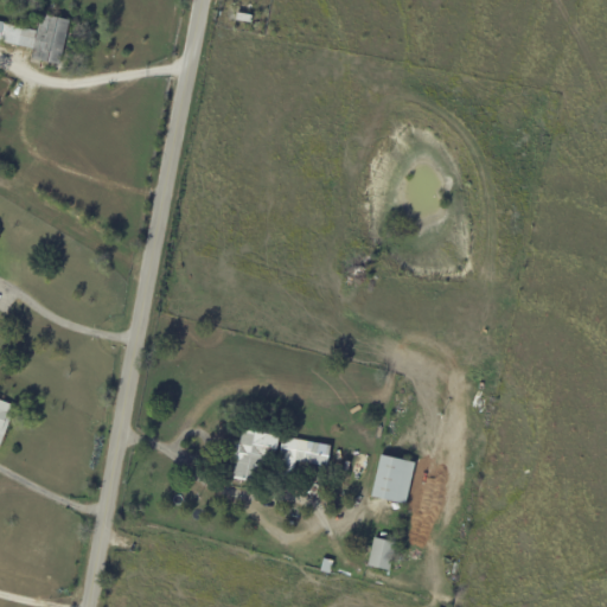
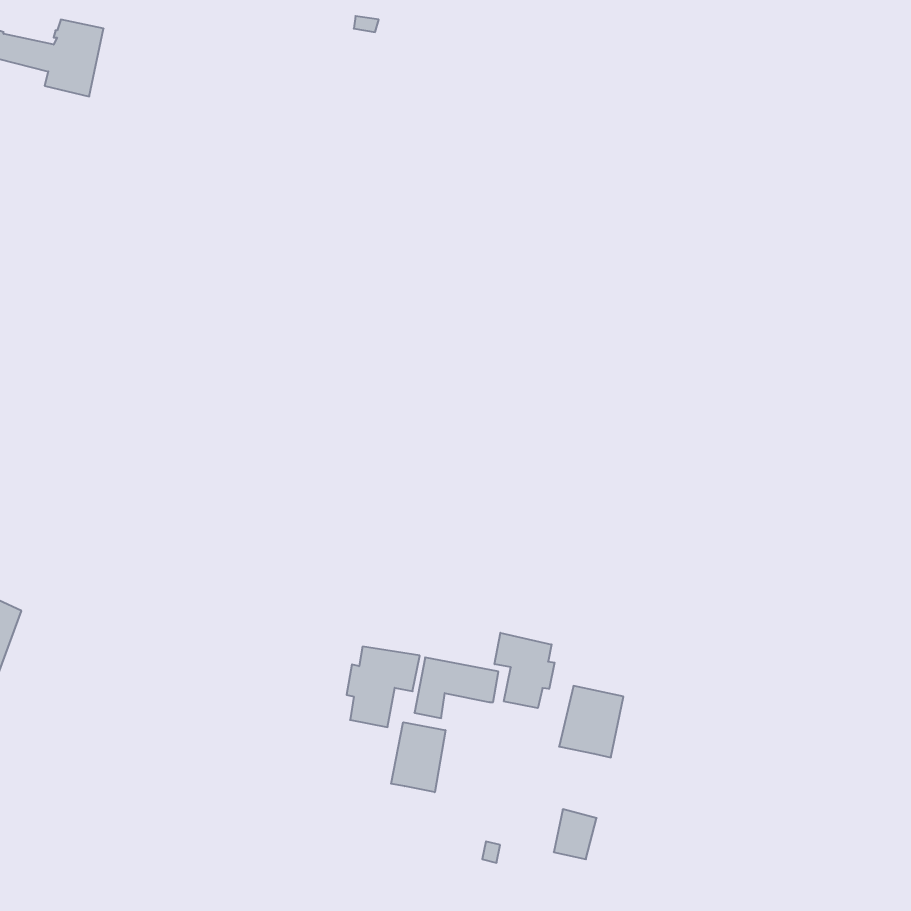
building: none -> [495,633,555,708]
building: none -> [391,722,445,792]

